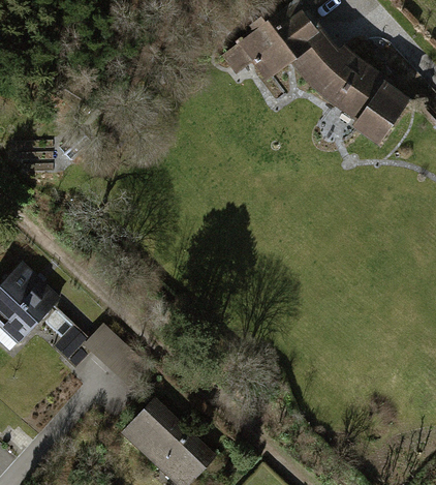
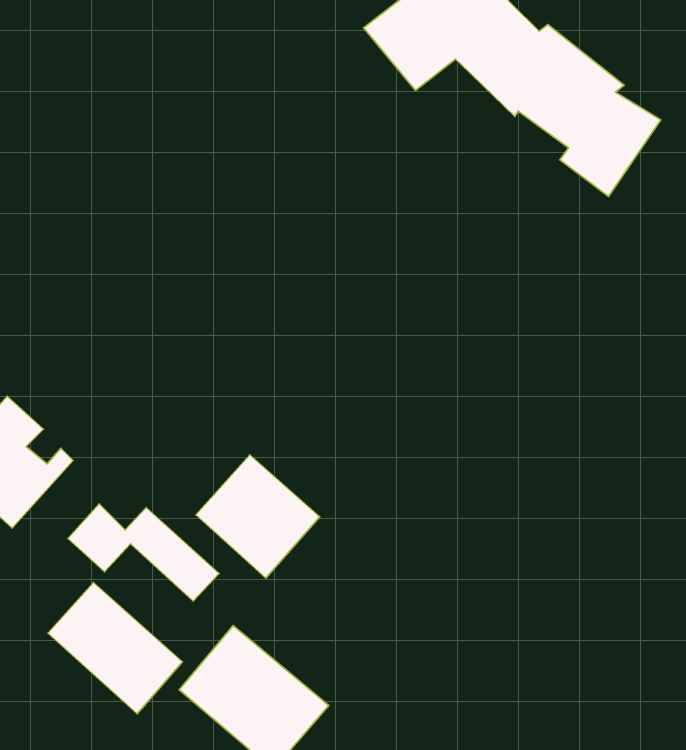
building: none -> [196,455,320,578]
building: none -> [48,583,182,714]

